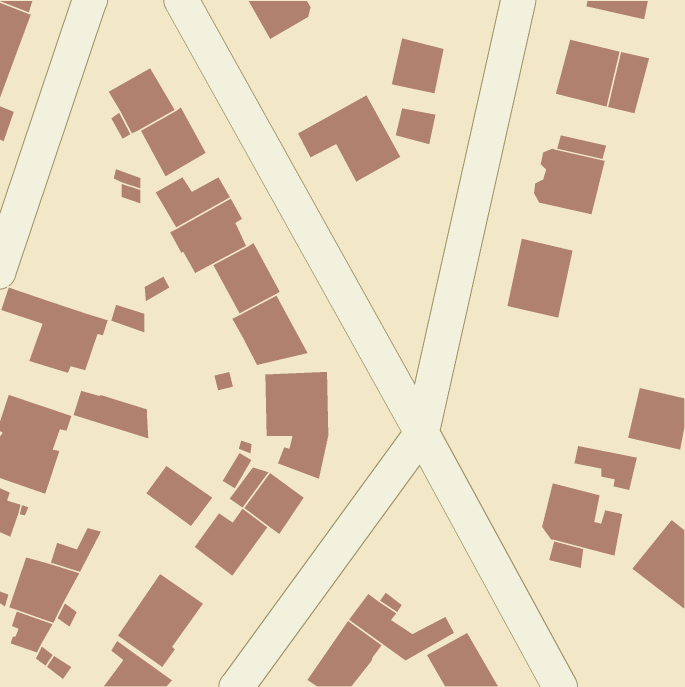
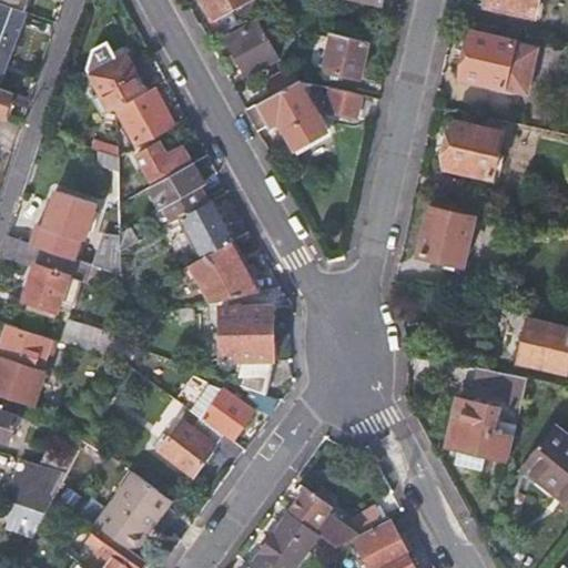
building: none -> [224,26,276,80]
building: none -> [42,191,94,258]
building: [145,465,213,527] -> none

